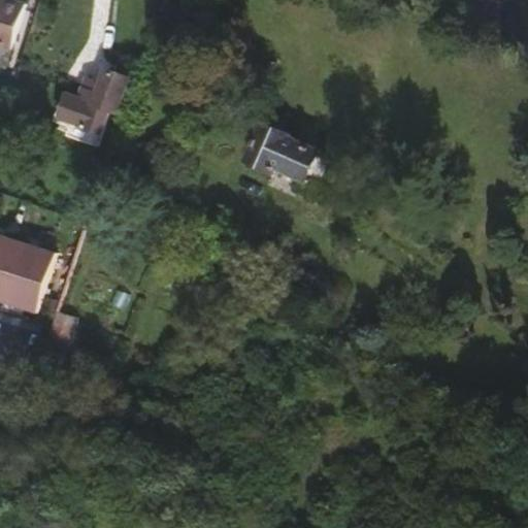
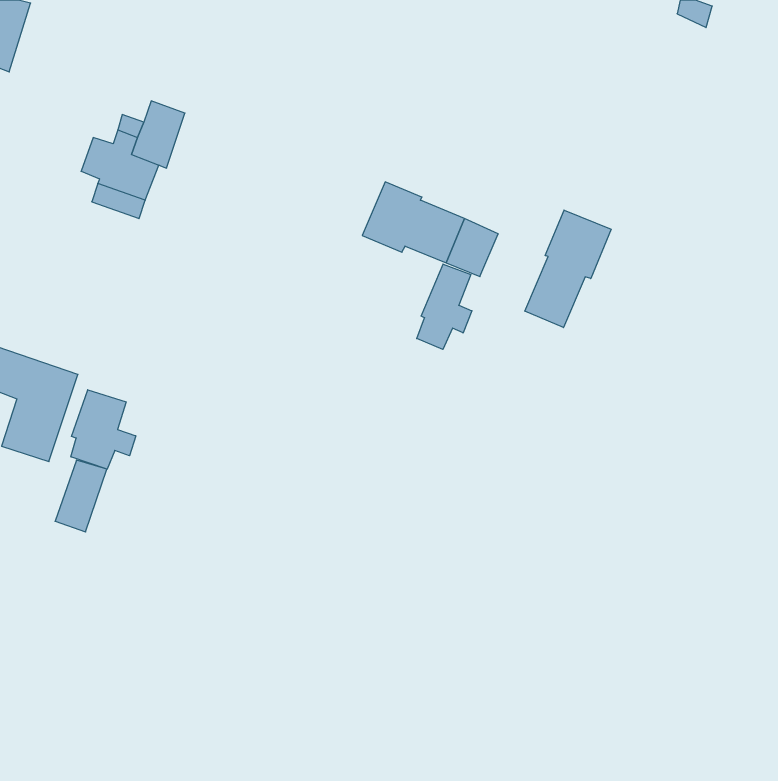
building: none -> [525,210,611,328]
building: none -> [417,264,472,349]
building: none -> [71,390,136,469]

